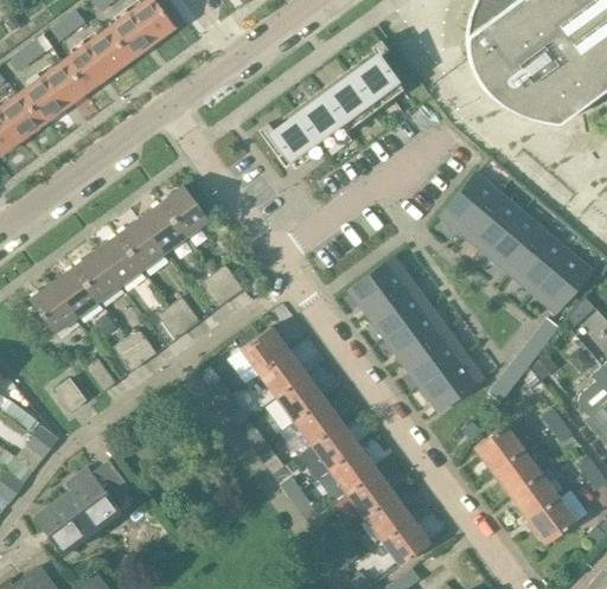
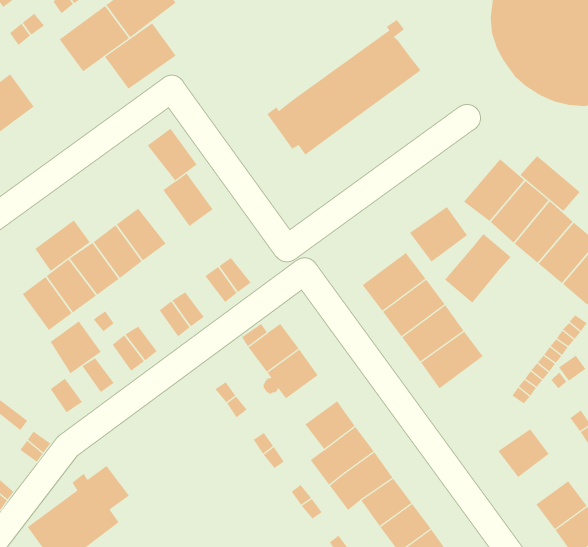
building: [19,62,87,124] -> [104,22,176,90]
building: none -> [520,155,581,212]
building: [139,203,186,252] -> [147,128,198,181]
building: none -> [409,206,468,262]
building: none -> [34,219,90,272]
building: none -> [444,233,511,303]
building: none -> [50,321,101,374]
building: [420,358,479,414] -> none
building: [276,376,325,422] -> none
building: [493,449,541,497] -> none

